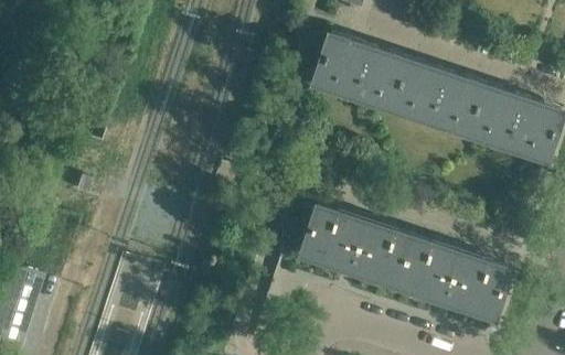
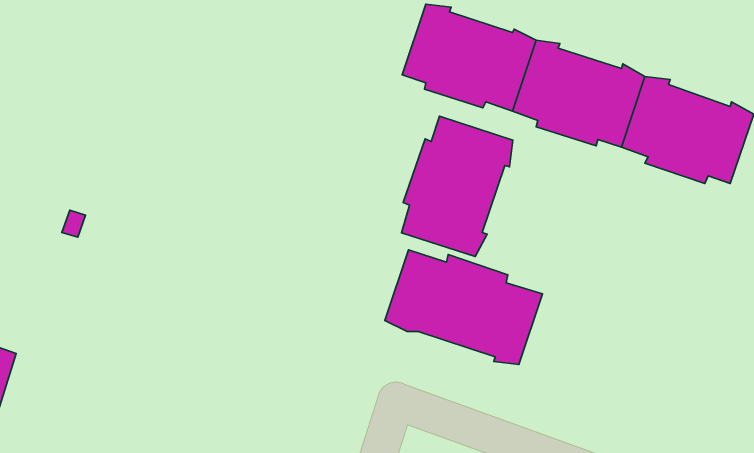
building: none -> [402,116,513,257]
building: [393,237,504,318] -> none

